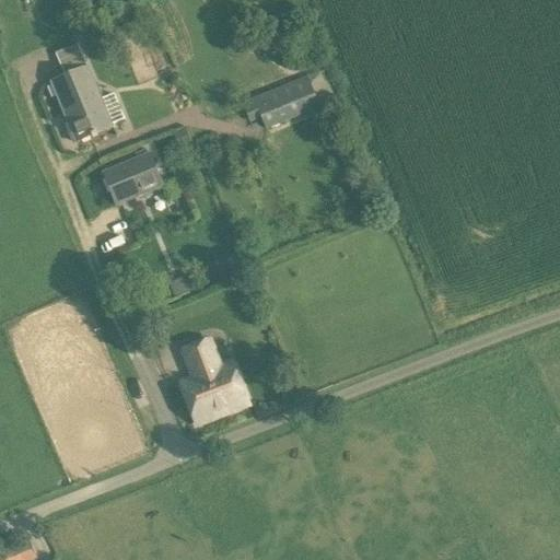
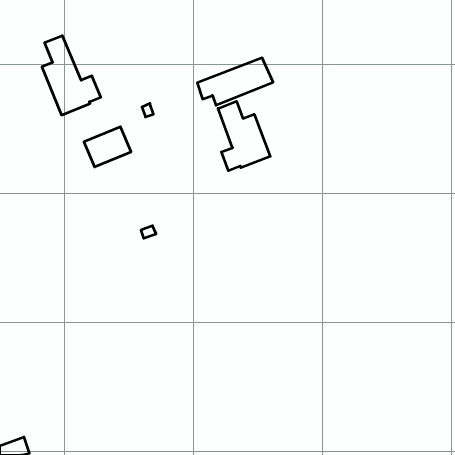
building: none -> [218,101,270,171]
building: [182,341,245,423] -> none

